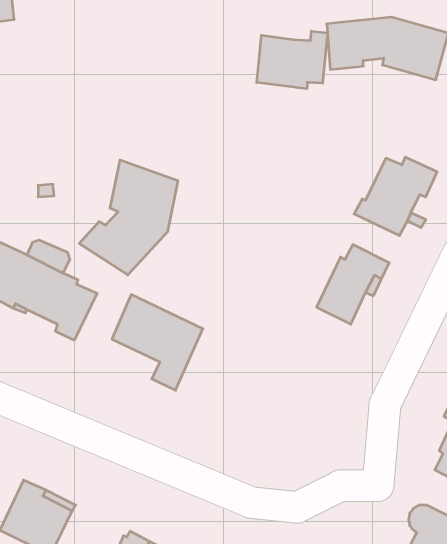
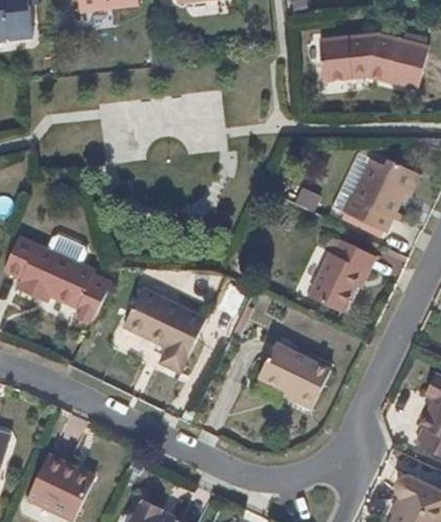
building: [257,31,327,89] -> none
building: [79,160,178,275] -> none
building: none -> [259,342,332,409]

